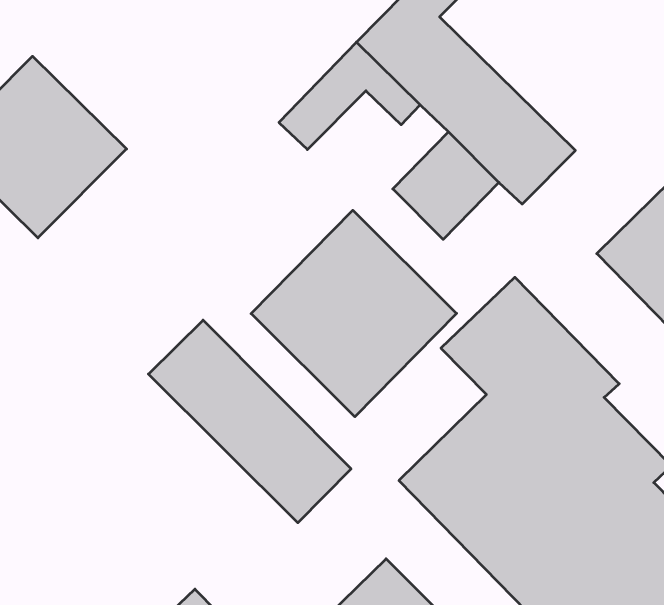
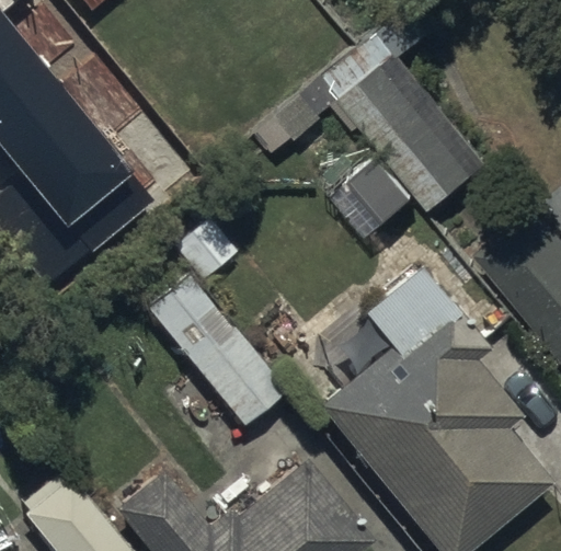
building: [251,210,457,417] -> none

